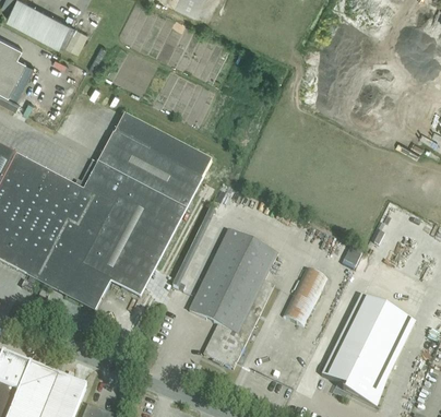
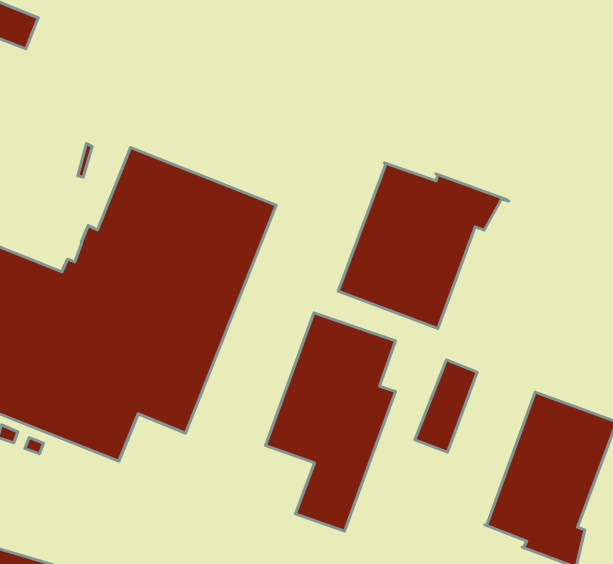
building: none -> [338,163,509,329]

